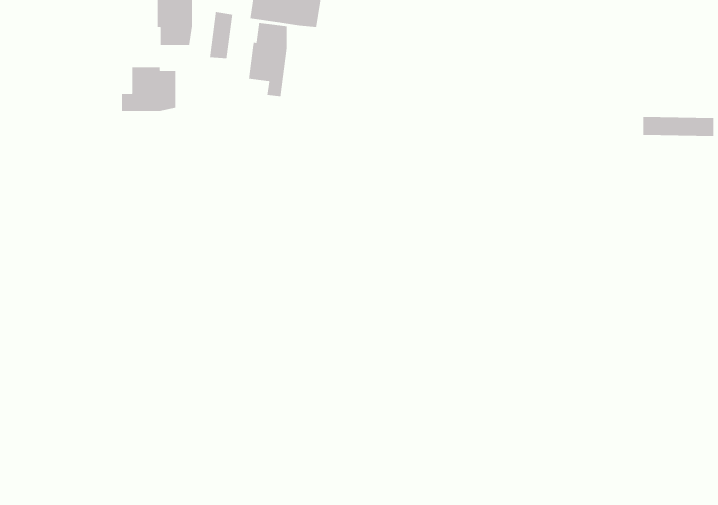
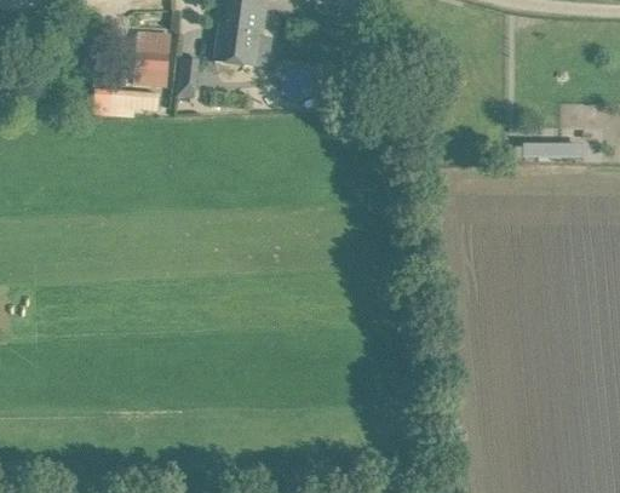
building: [248,22,288,97] -> none
building: [121,66,176,112] -> none

